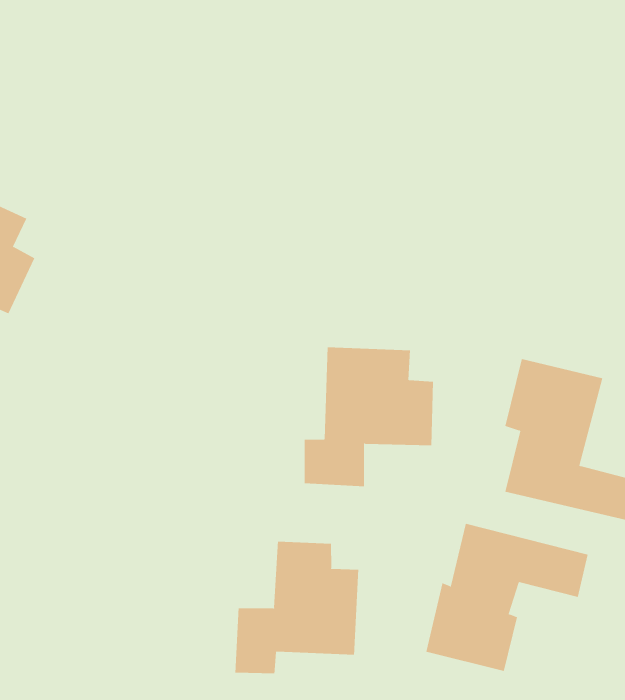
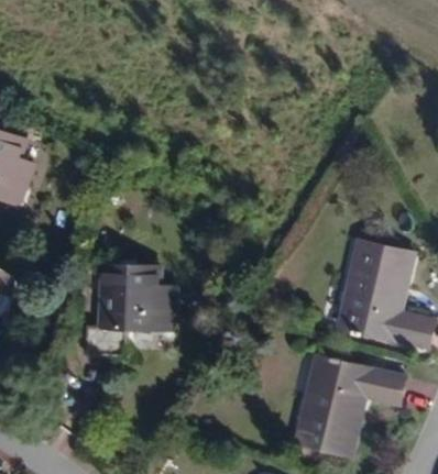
building: [304,347,434,487] -> [88,262,175,355]
building: [235,541,359,674] -> none

